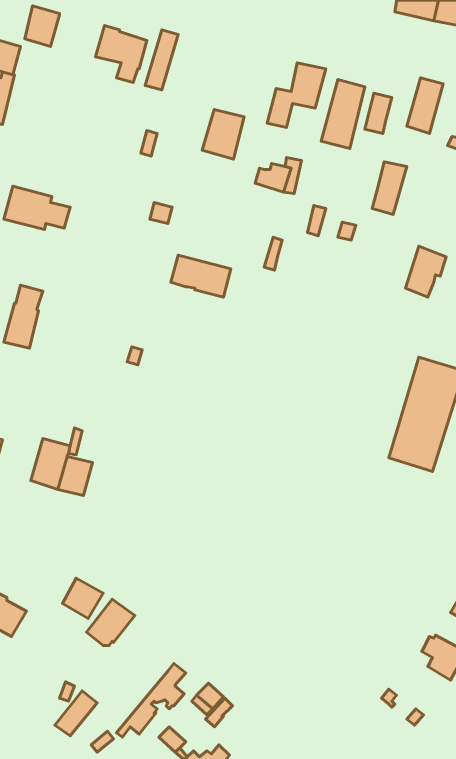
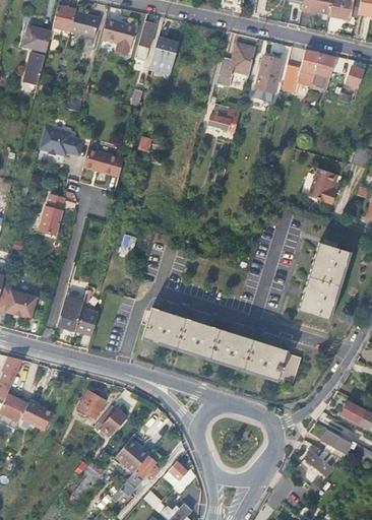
building: none -> [70,10,100,38]
building: [202,109,244,159] -> [149,40,178,73]
building: [372,162,407,215] -> [297,50,320,85]
building: [171,255,231,297] -> [83,148,124,177]
building: none -> [142,306,301,382]
building: none -> [115,438,149,473]
building: none -> [305,451,338,476]

